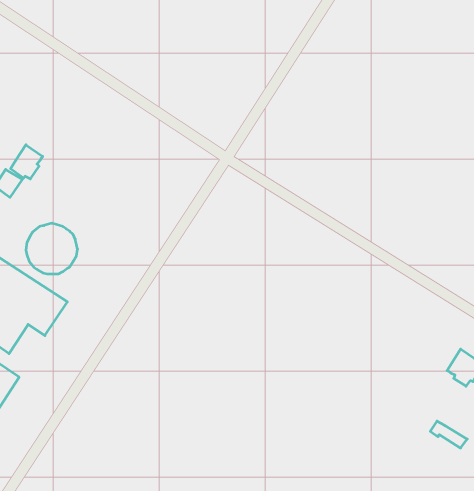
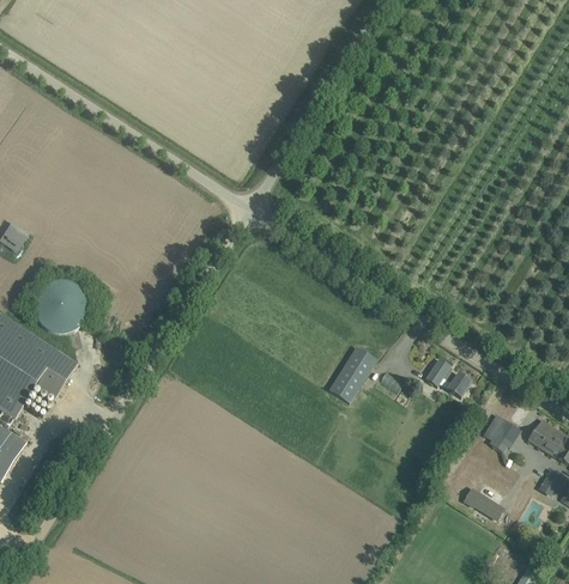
building: [11,145,43,179] -> none
building: none -> [328,346,376,402]
building: none -> [424,358,470,397]

